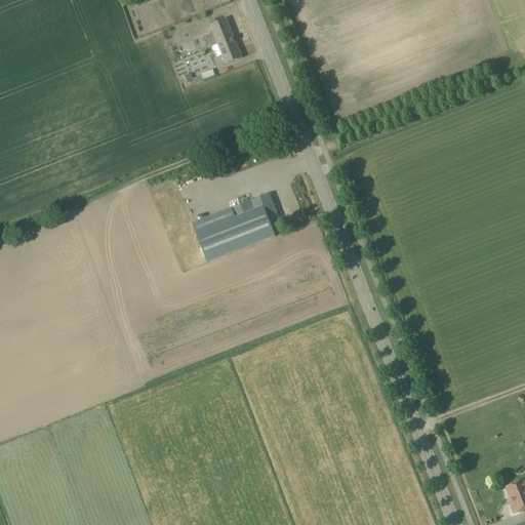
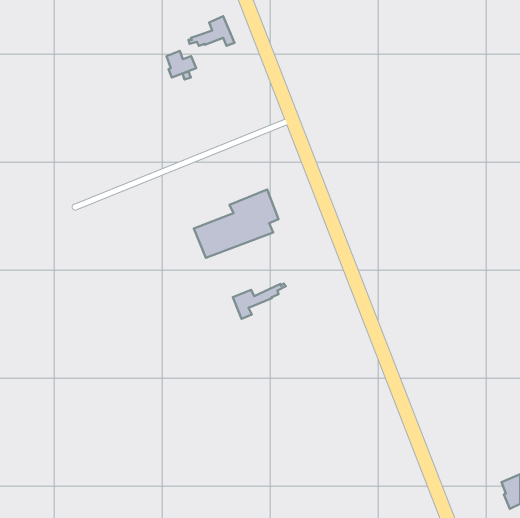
building: [211,38,241,65] -> [167,51,196,77]
building: none -> [233,283,286,319]

